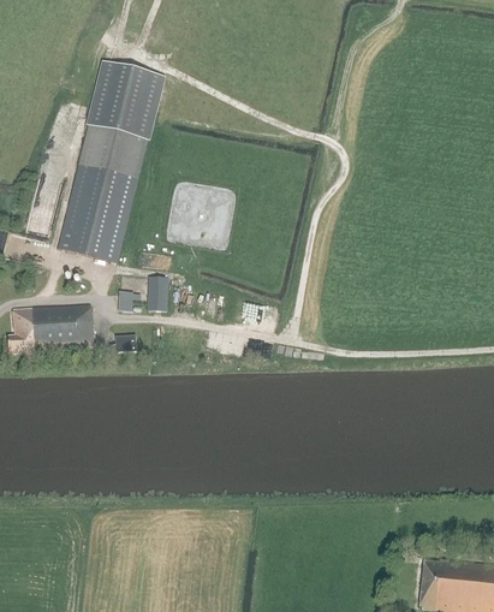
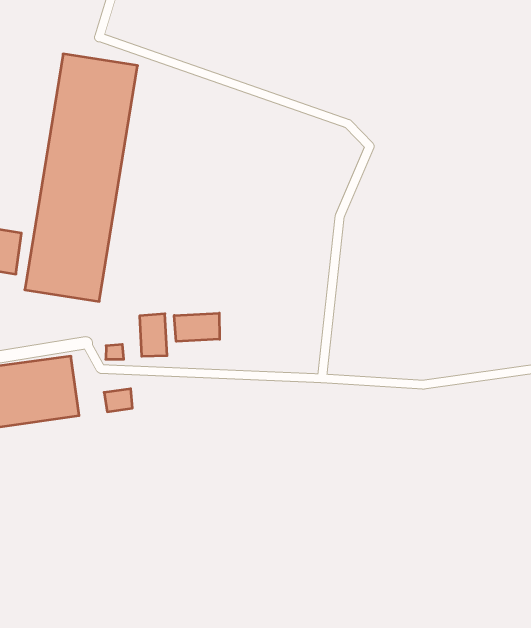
building: none -> [174,313,220,341]

